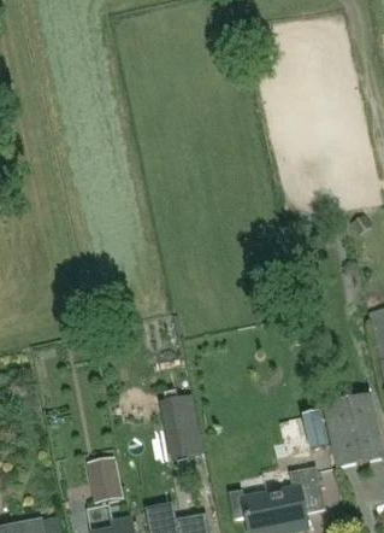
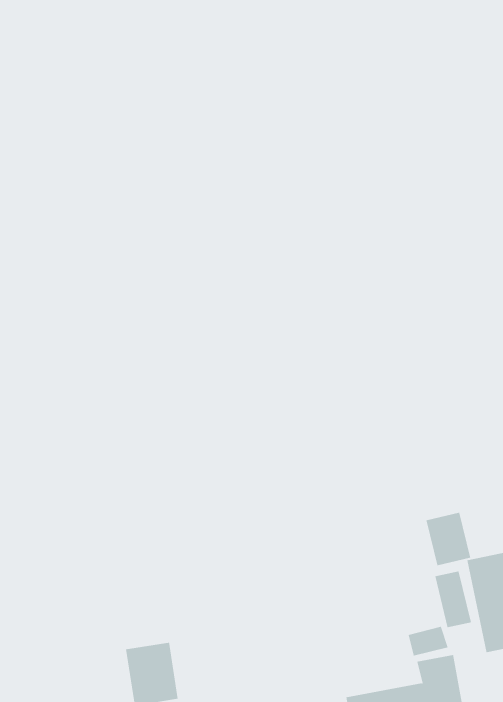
building: none -> [426,512,471,566]
building: [167,396,201,456] -> none

